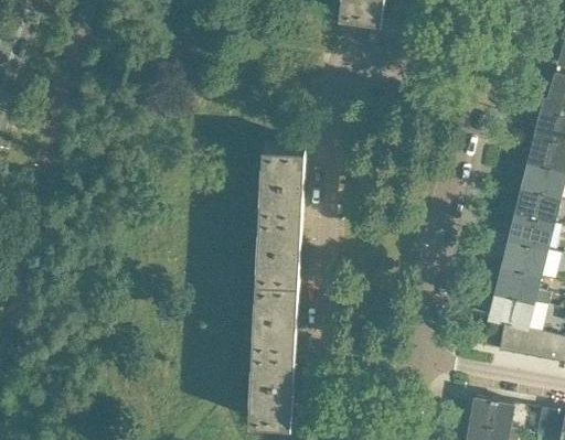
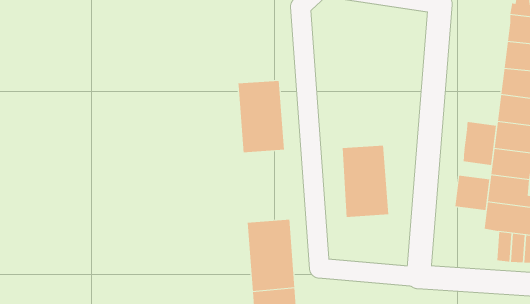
building: none -> [463,121,497,166]
building: [255,212,301,283] -> [342,145,389,218]
building: none -> [455,175,490,211]

